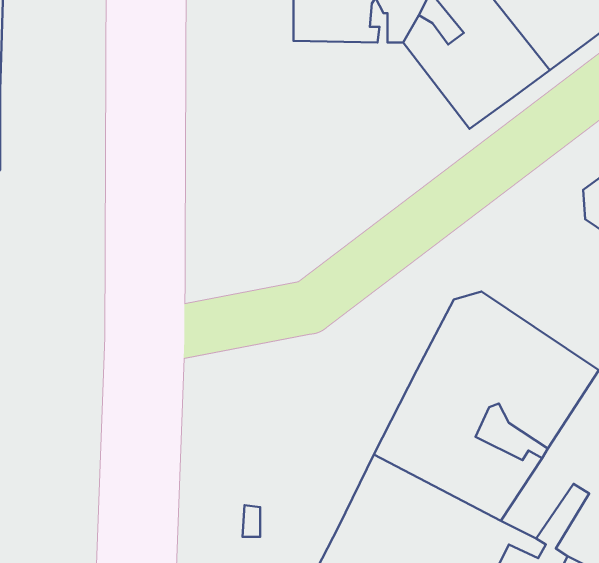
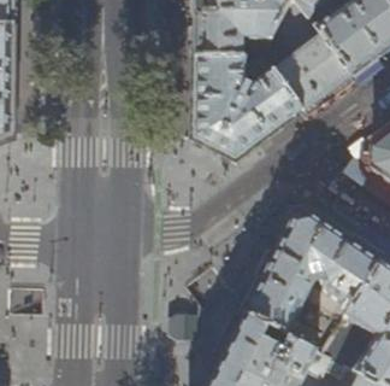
building: none -> [193,57,302,160]

